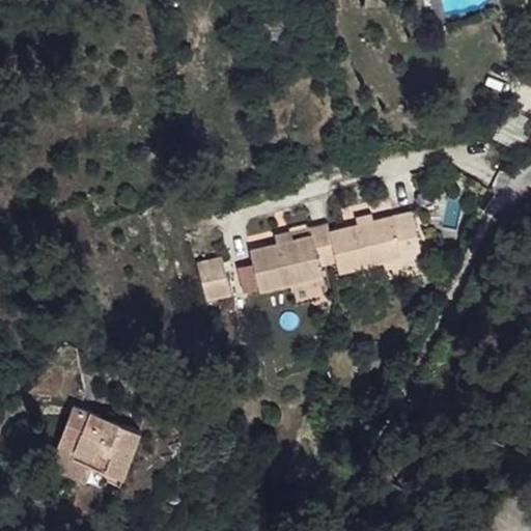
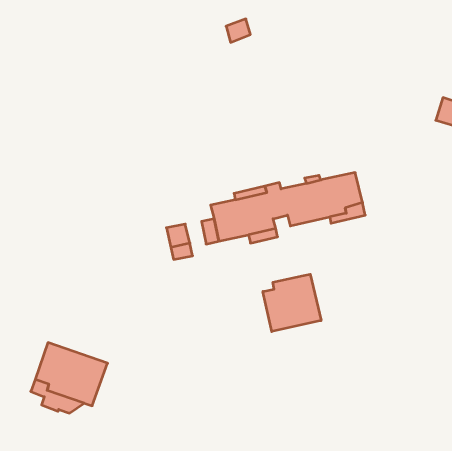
building: none -> [263,274,321,332]

